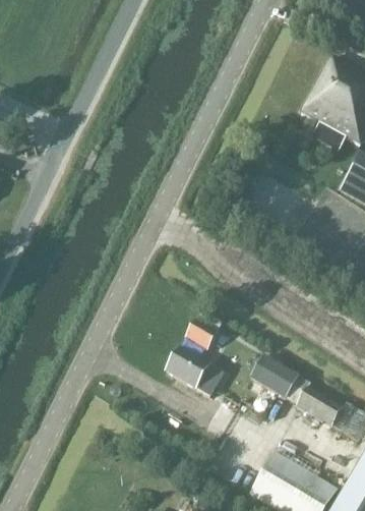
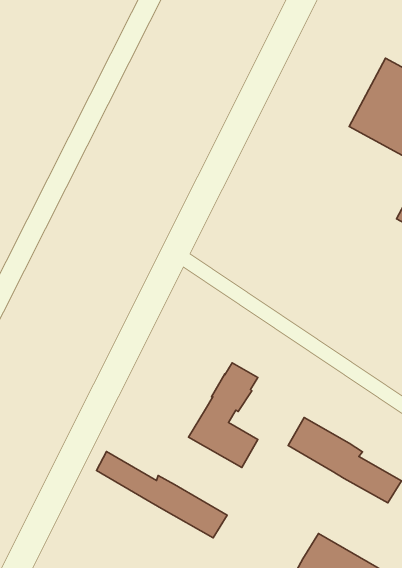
building: none -> [96,451,227,538]

